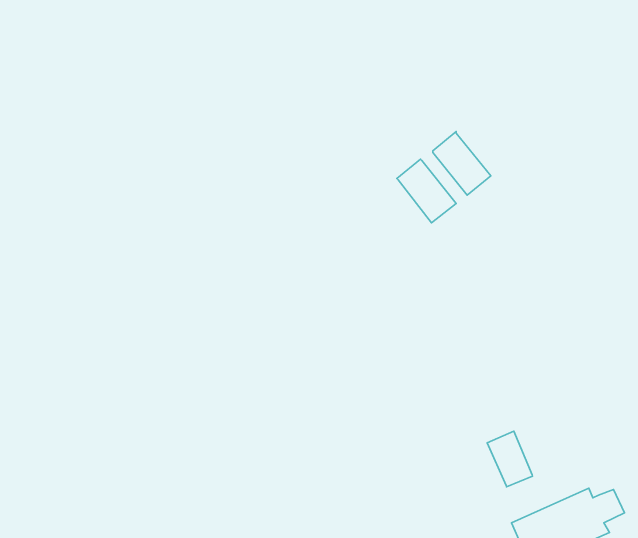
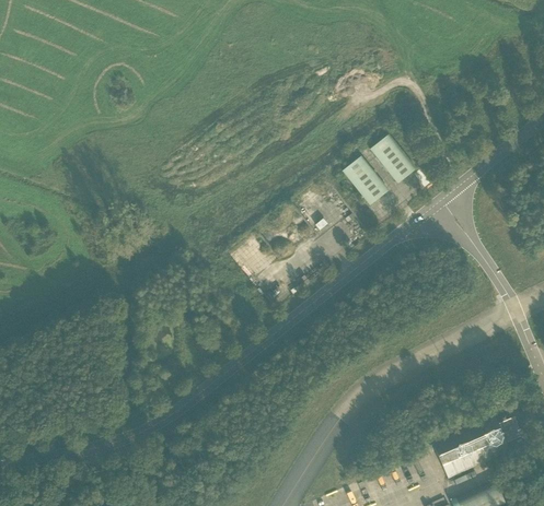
building: [487,431,533,487] -> none

